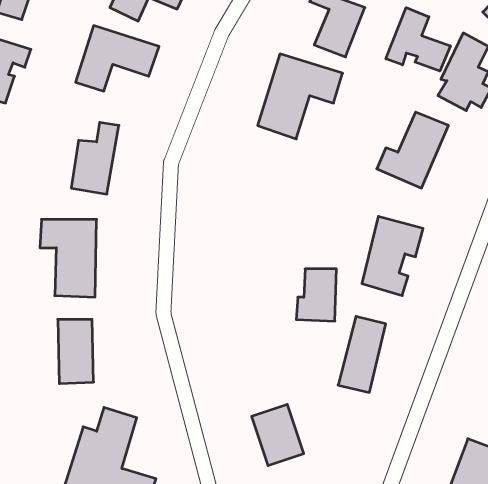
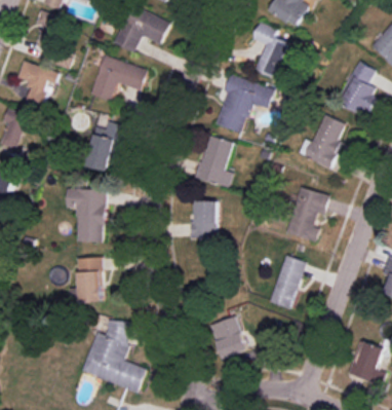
building: [386,8,450,71] -> none
building: none -> [195,136,231,187]
building: [296,269,336,321] -> [189,201,217,237]

